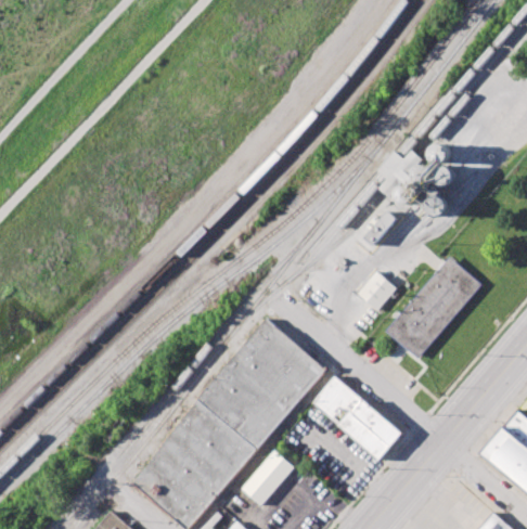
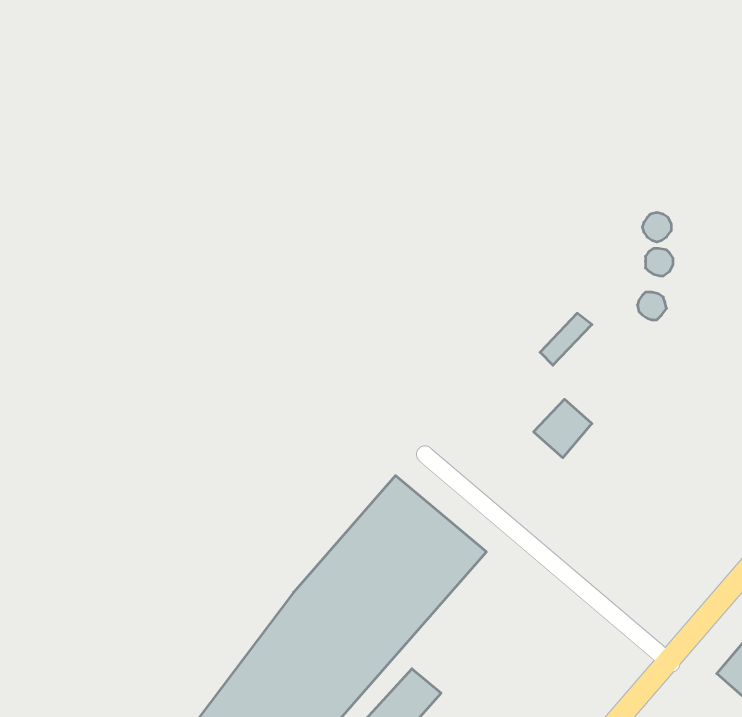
building: [386,258,483,359] -> none
building: [312,376,403,462] -> none

